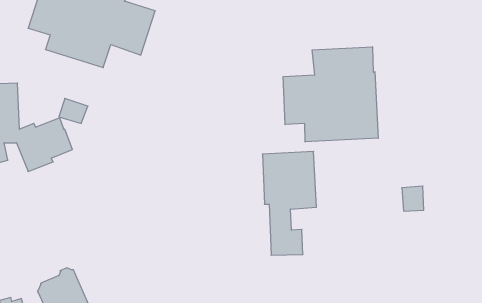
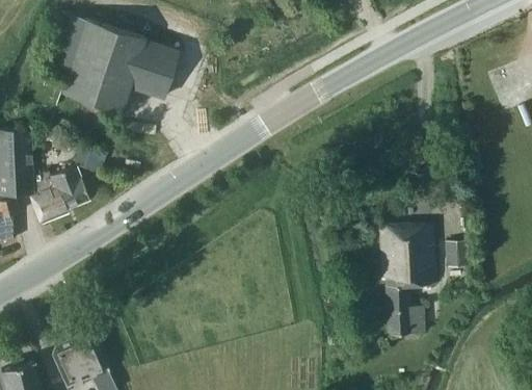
building: [283,47,378,142] -> none
building: [262,151,316,255] -> [377,223,435,335]

